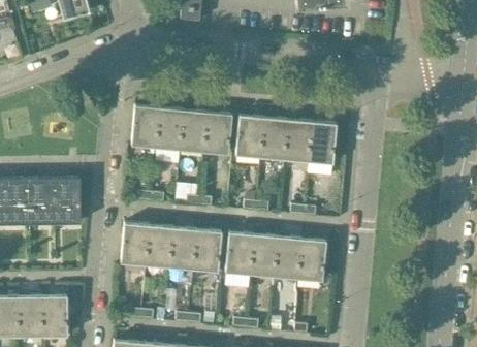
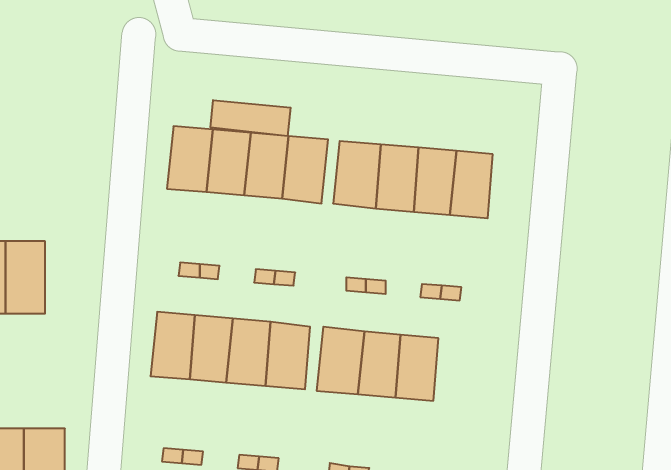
building: none -> [210,100,291,136]
building: [56,178,82,224] -> none
building: [299,240,326,281] -> none

